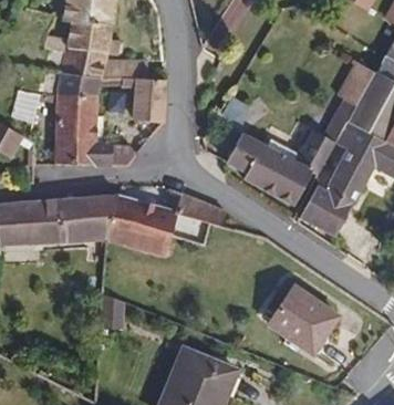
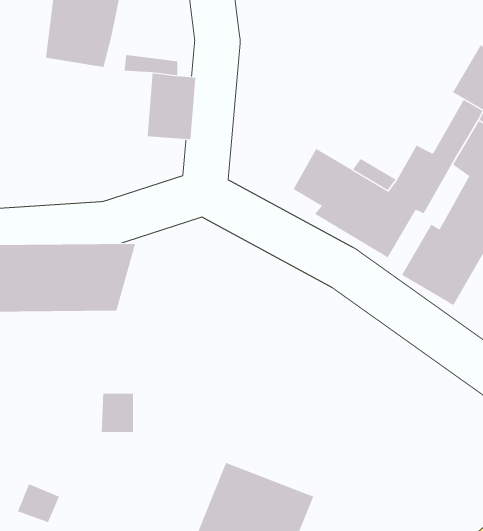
building: [48,72,107,167] -> none
building: [111,195,225,259] -> none
building: [267,284,340,356] -> none

